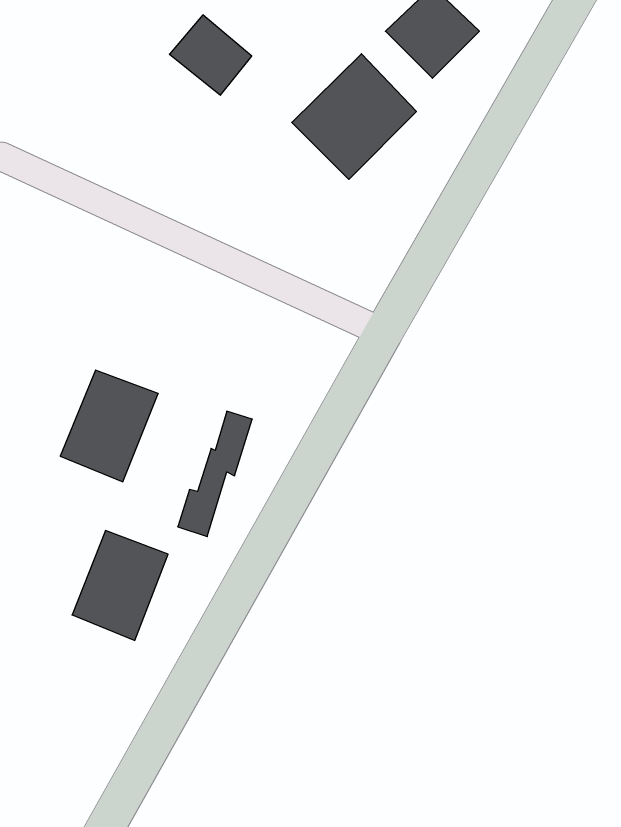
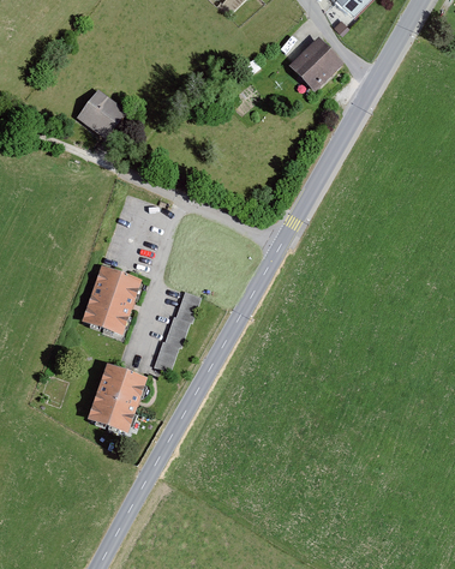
building: [169,15,252,95] -> [79,91,130,140]
building: [292,54,416,179] -> none

